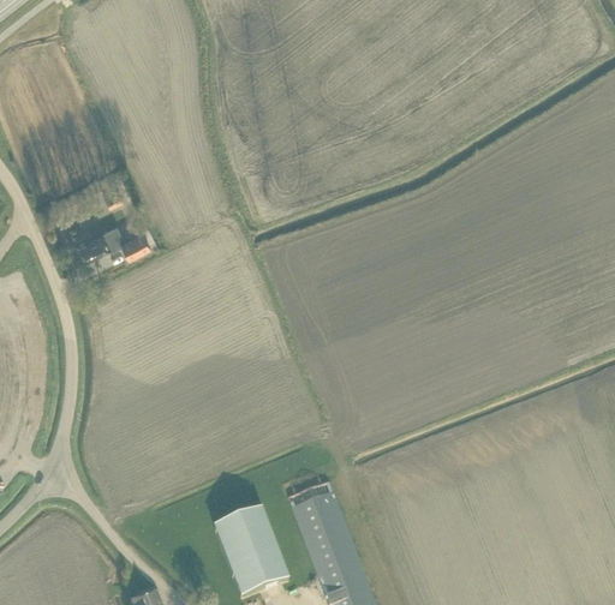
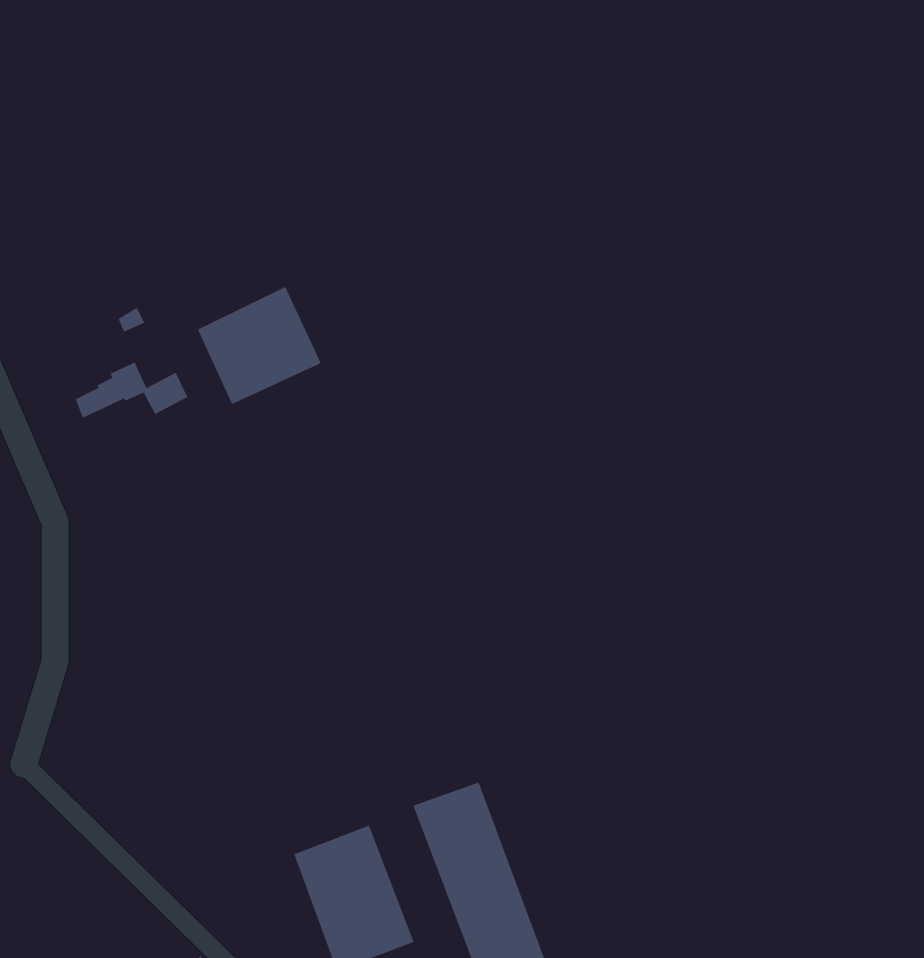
building: none -> [197,286,322,405]

